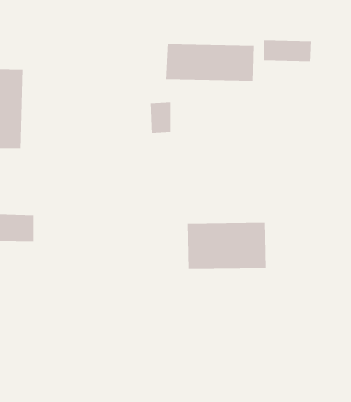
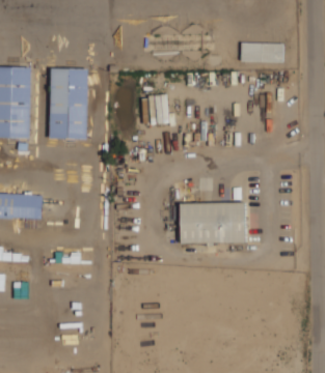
building: [165,43,255,82] -> none
building: none -> [50,68,89,140]

